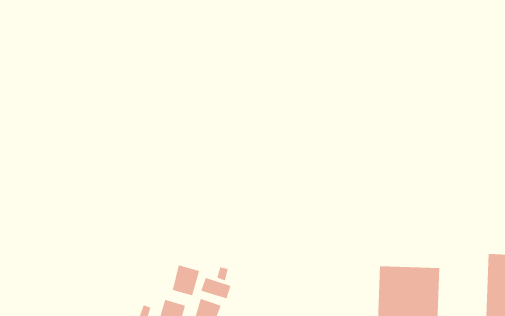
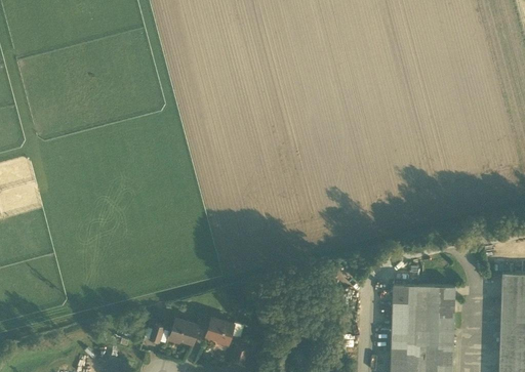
building: [172,264,200,296] -> none
building: [201,277,231,299] -> none

